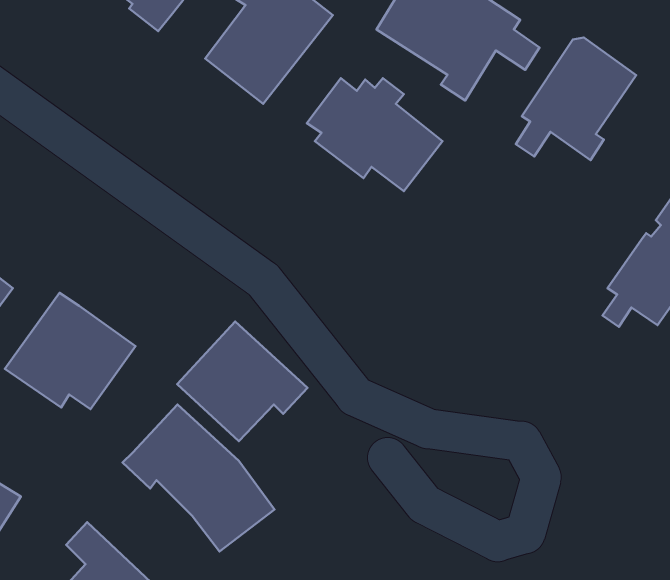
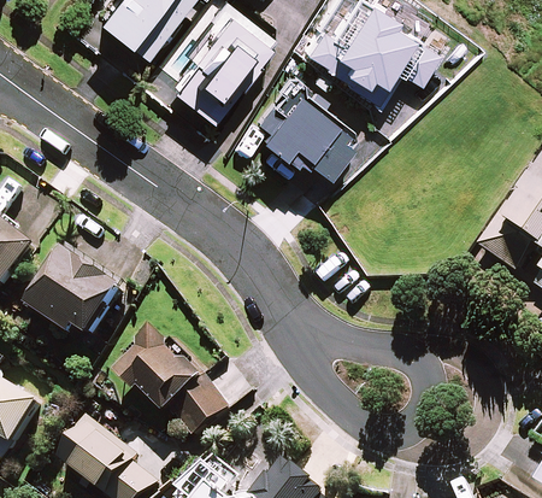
building: [516,38,636,160] -> none
building: [177,321,307,441] -> none

